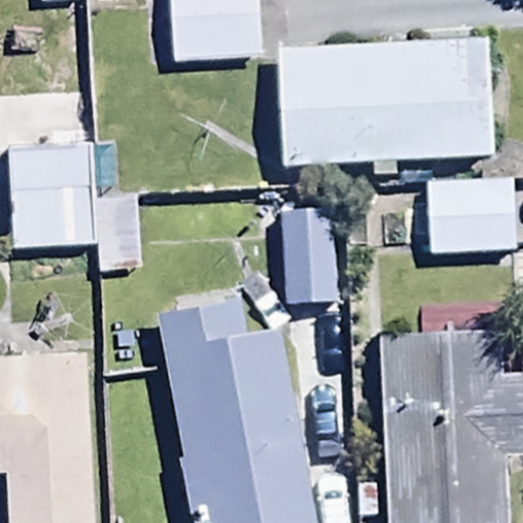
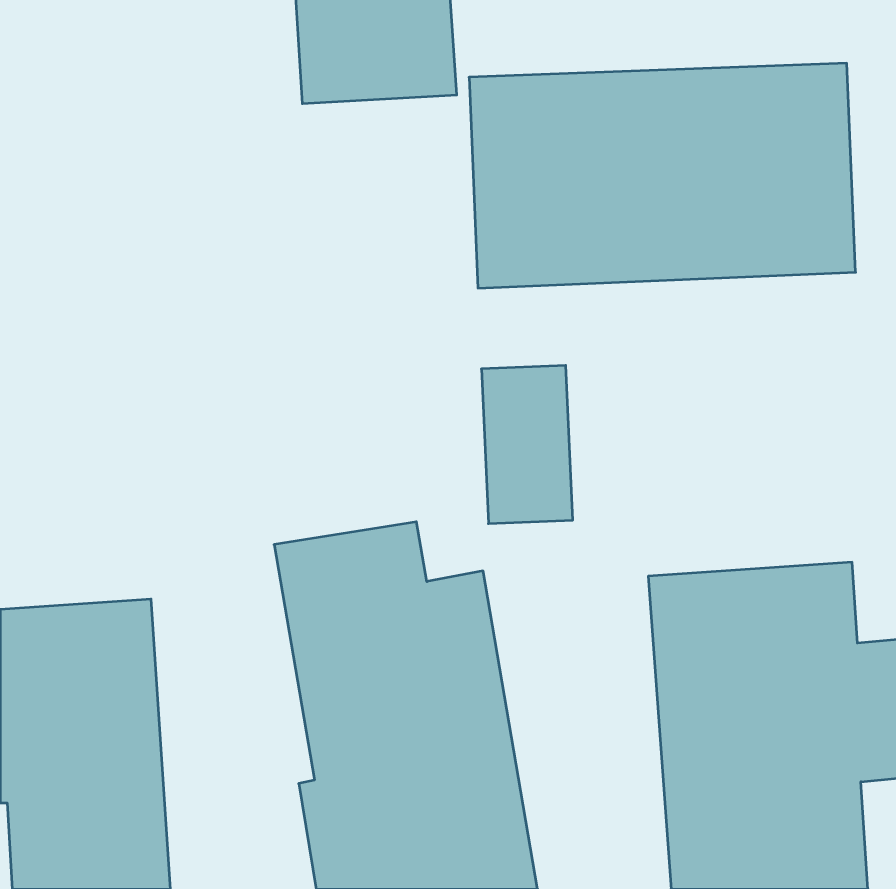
building: [7,143,137,270] -> none
building: [421,184,512,257] -> none

